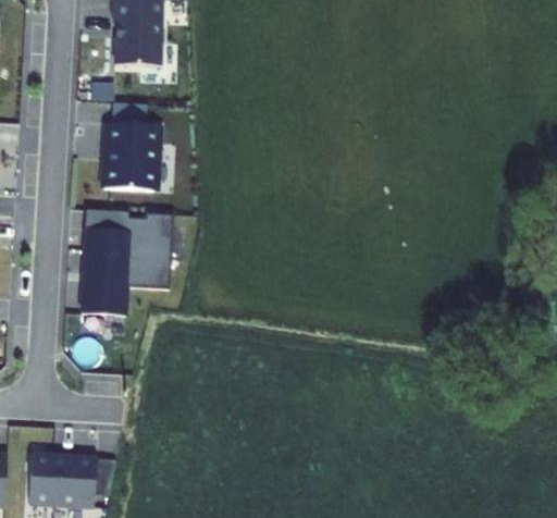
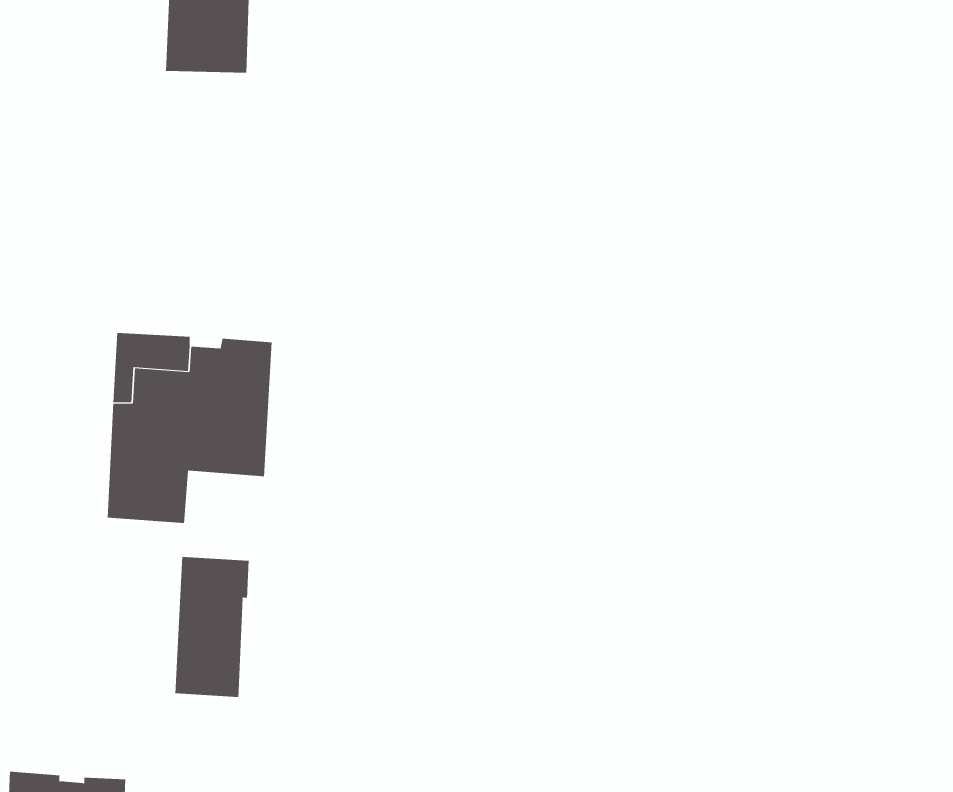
building: [106,122,160,190] -> none
building: none -> [175,556,249,698]

